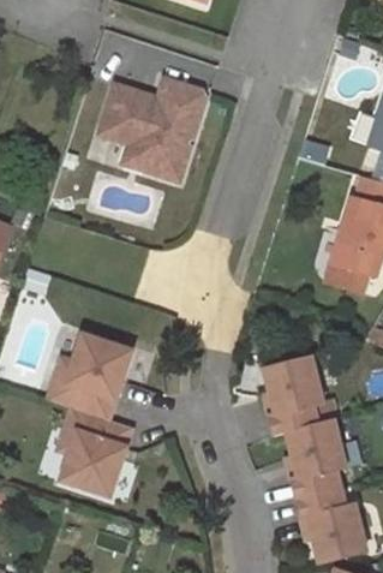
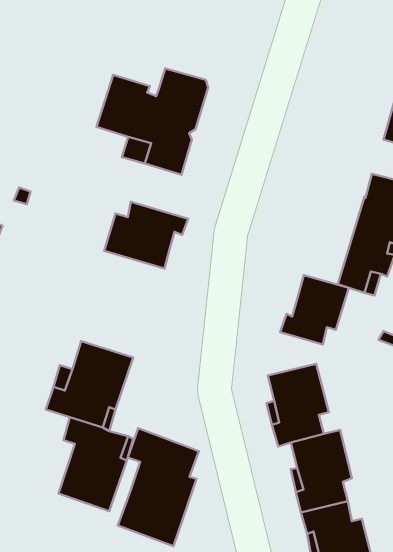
building: none -> [104,202,188,268]
building: none -> [280,275,349,345]
building: none -> [118,428,199,546]

